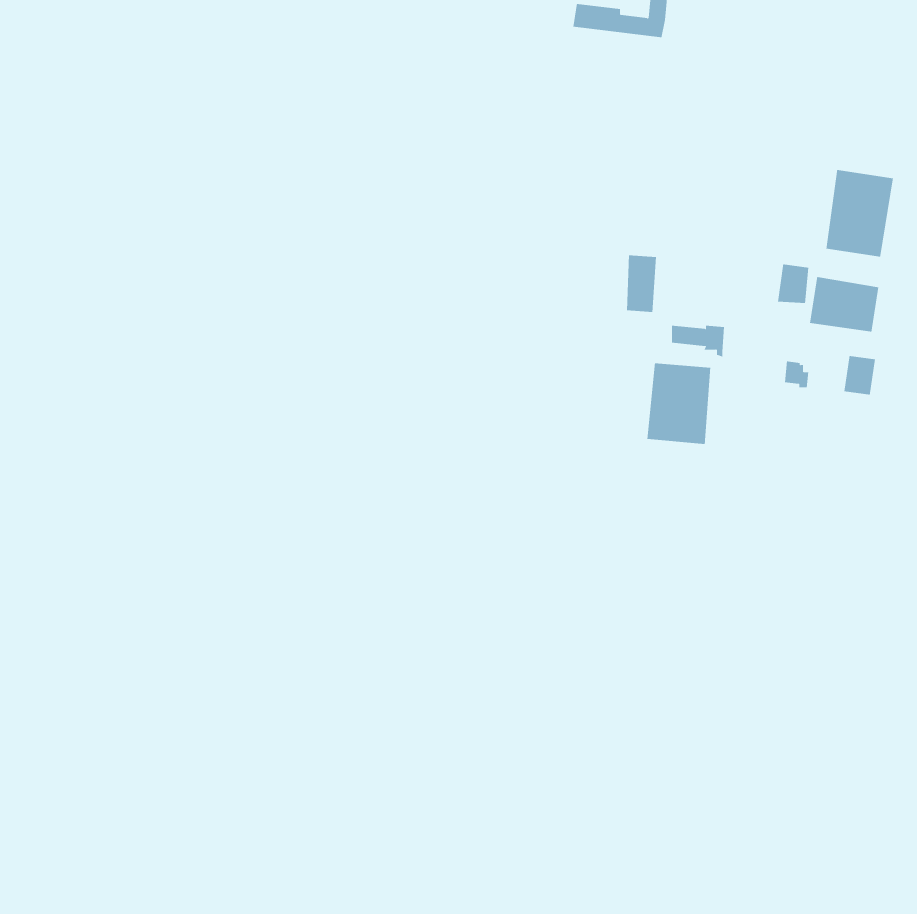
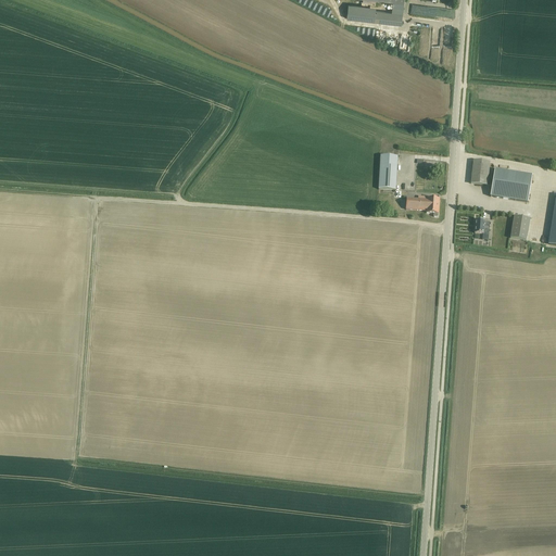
building: [826,169,894,257] -> none
building: [647,363,711,445] -> none

